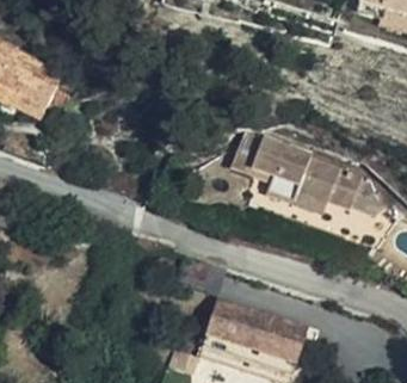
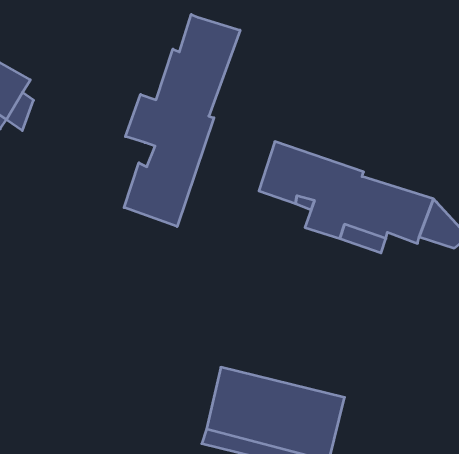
building: none -> [124,14,240,227]

